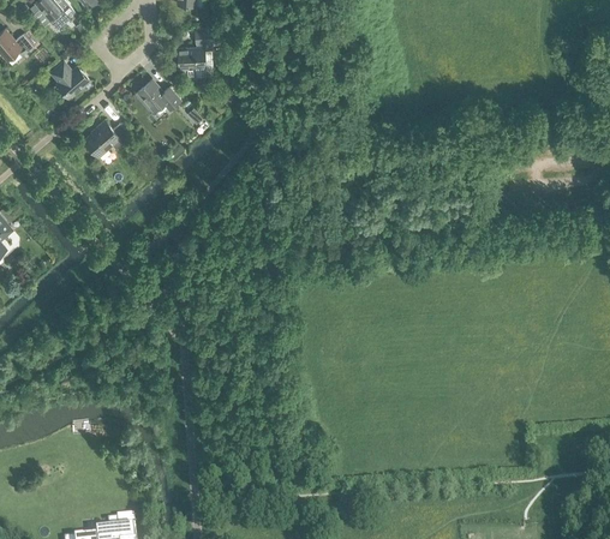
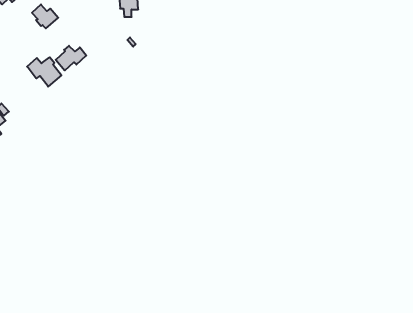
building: [137,79,179,110] -> none
building: none -> [27,57,61,87]

